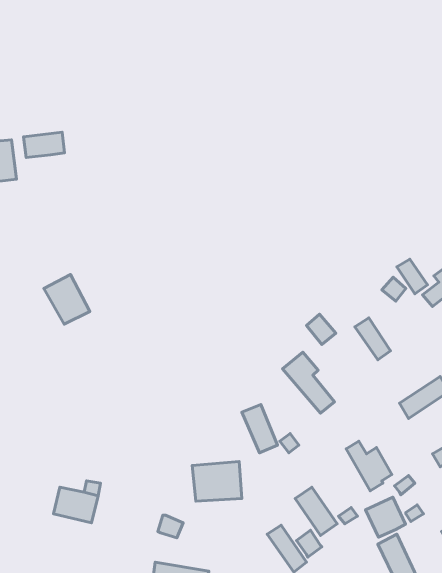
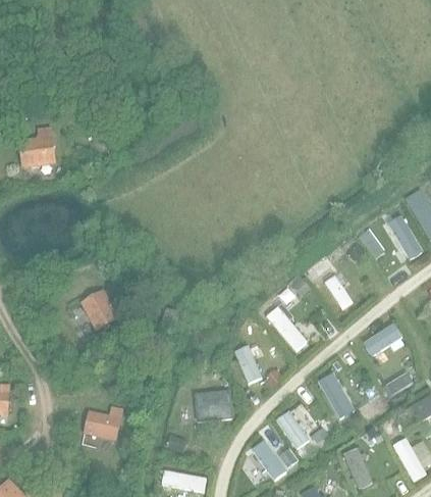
building: [24,132,65,157] -> none
building: [44,274,90,324] -> [79,291,116,331]
building: [366,497,406,537] -> none

